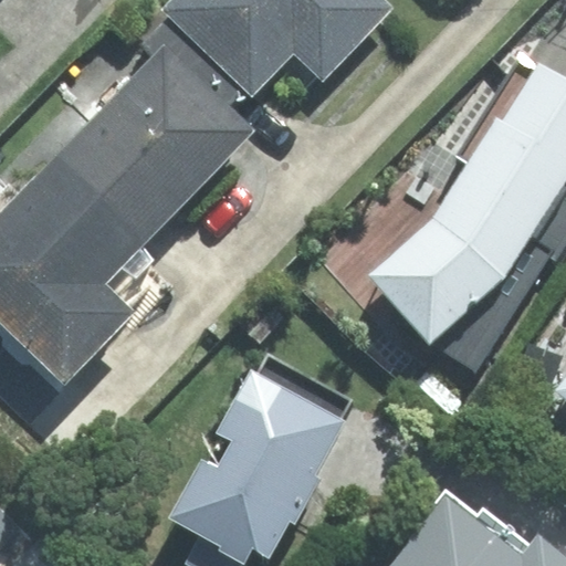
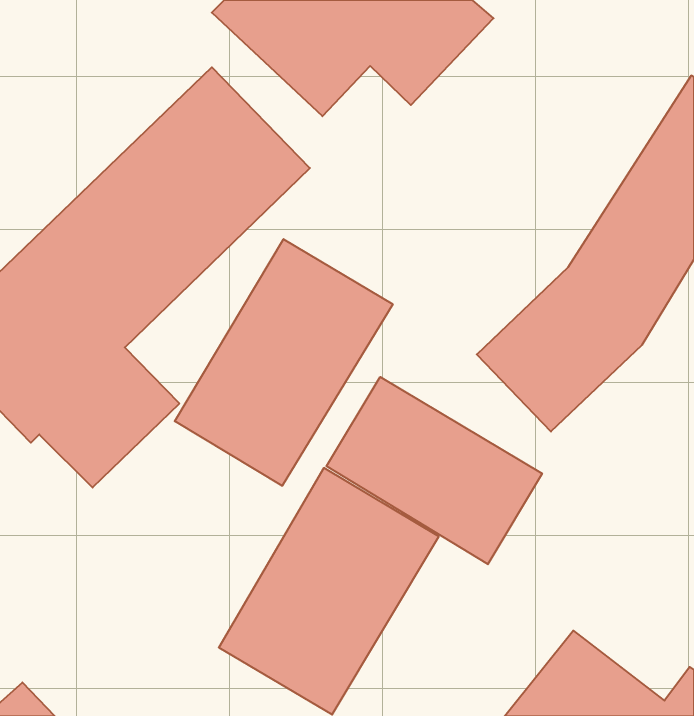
building: none -> [175,239,393,486]
building: none -> [326,377,542,564]

